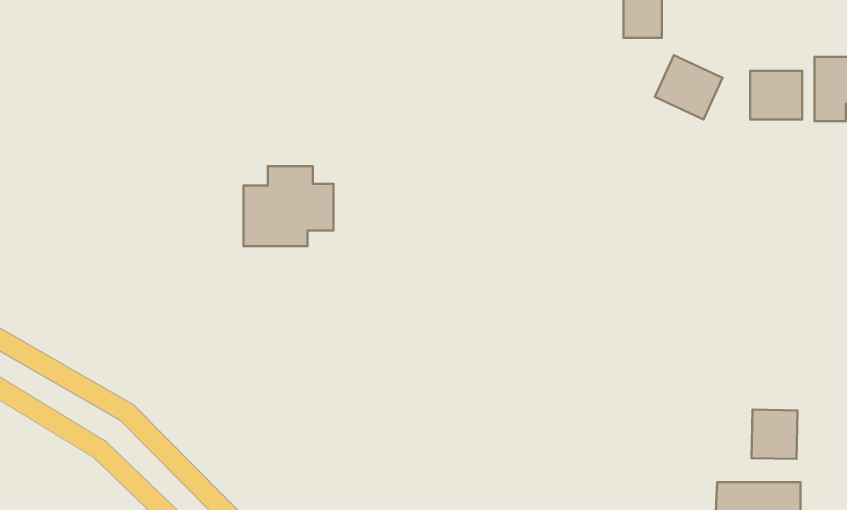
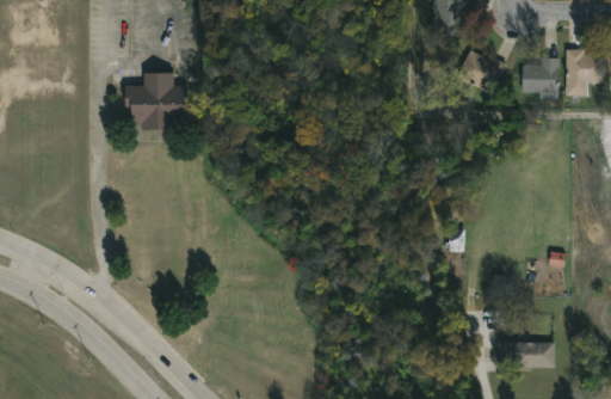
building: [243,166,334,246] -> [128,73,190,128]
building: [751,409,797,459] -> none

